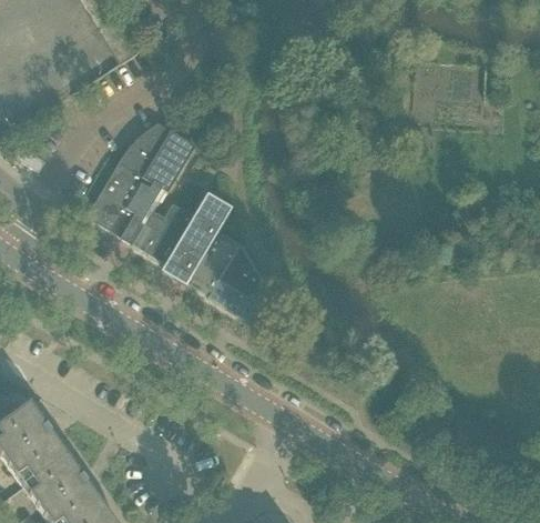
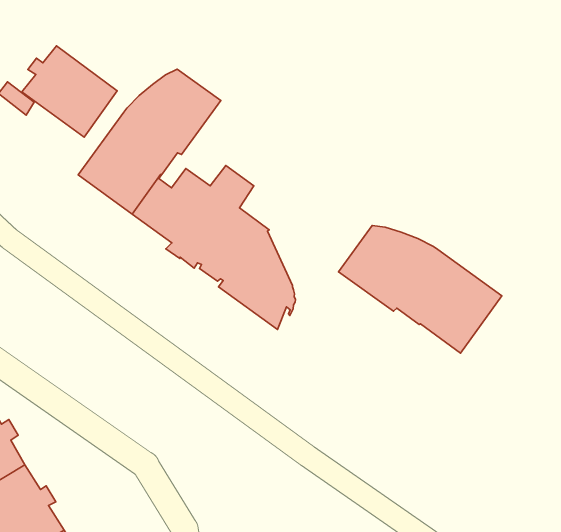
building: none -> [22,46,117,137]
building: none -> [338,225,502,353]

